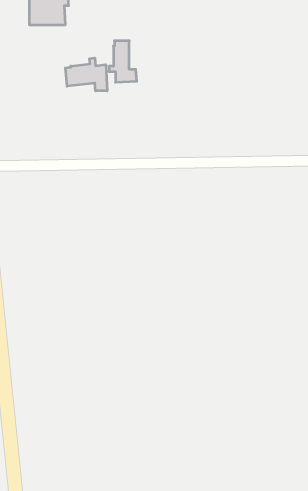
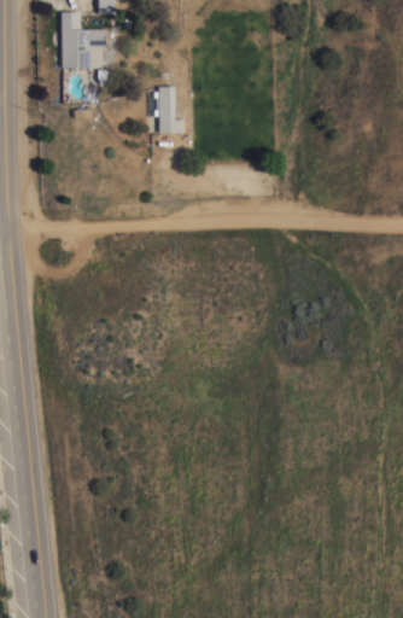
building: [65,58,107,91] -> none

